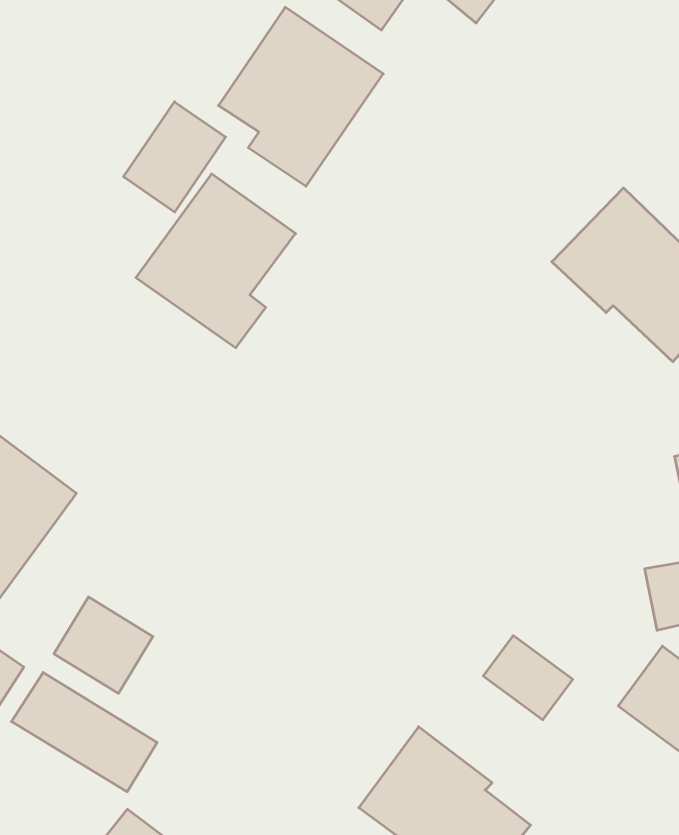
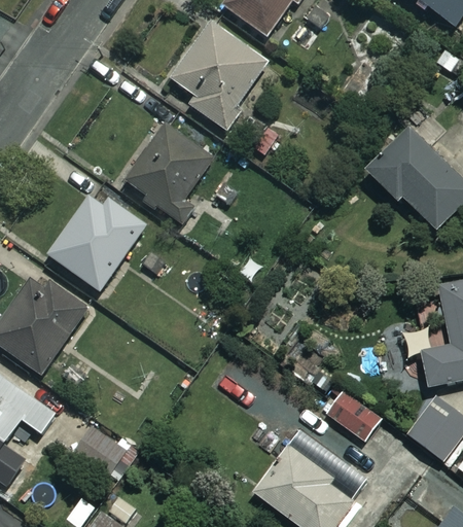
building: [124,102,226,212] -> none
building: none -> [47,186,147,290]
building: [54,597,153,693] -> none

